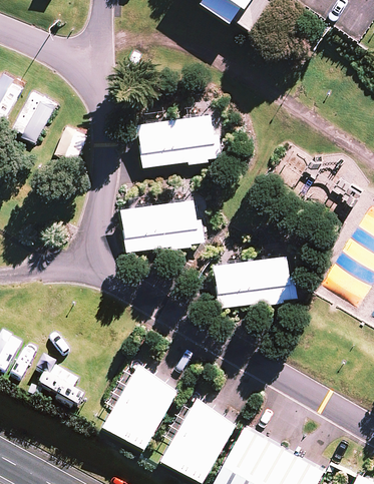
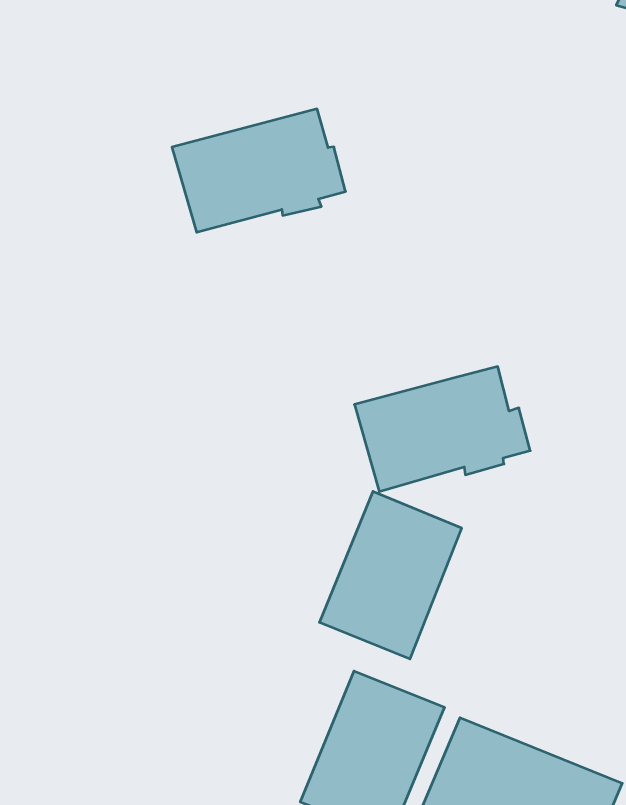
building: [120,198,205,254] -> none
building: [100,366,177,452] -> [319,491,462,659]

